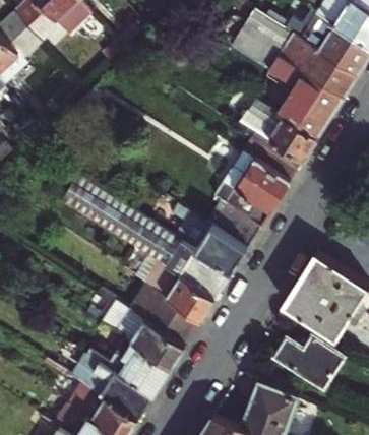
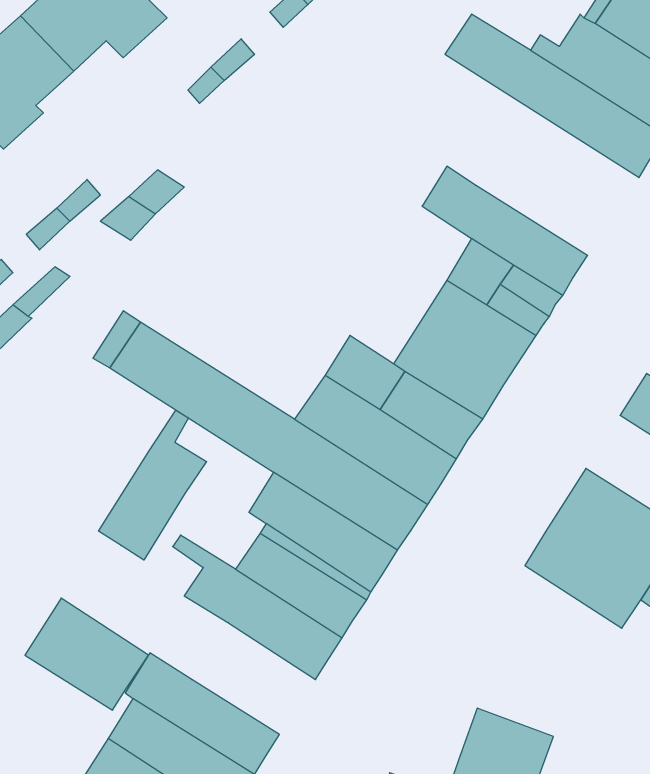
building: [231,33,344,140] -> none
building: none -> [98,410,207,560]
building: [105,336,171,396] -> [25,598,149,710]
building: [273,336,342,388] -> none

